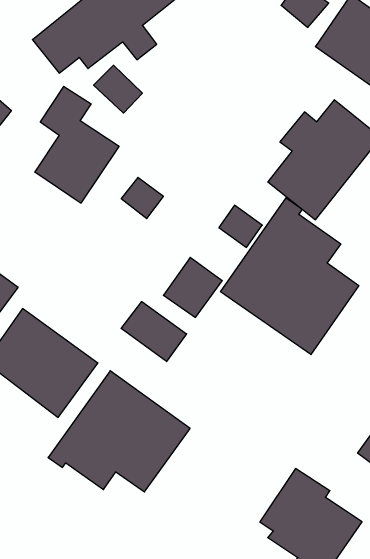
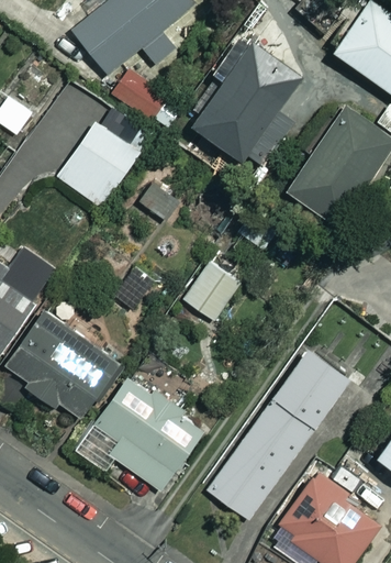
building: none -> [192,35,300,161]
building: [221,198,359,355] -> none
building: [121,302,187,362] -> none
building: none -> [205,349,347,519]

